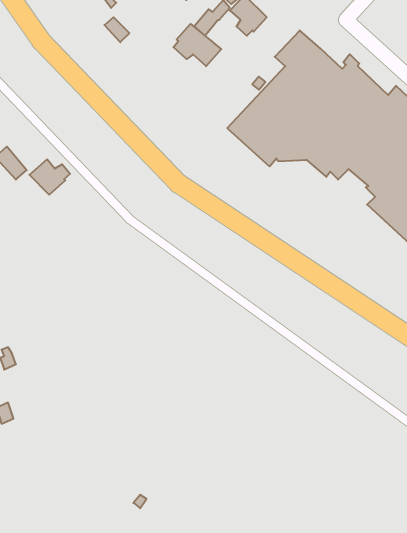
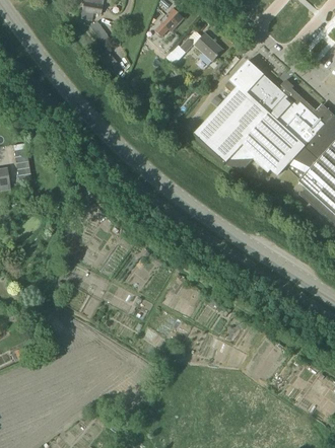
building: [173,24,221,66] -> none
building: [29,159,70,195] -> none

